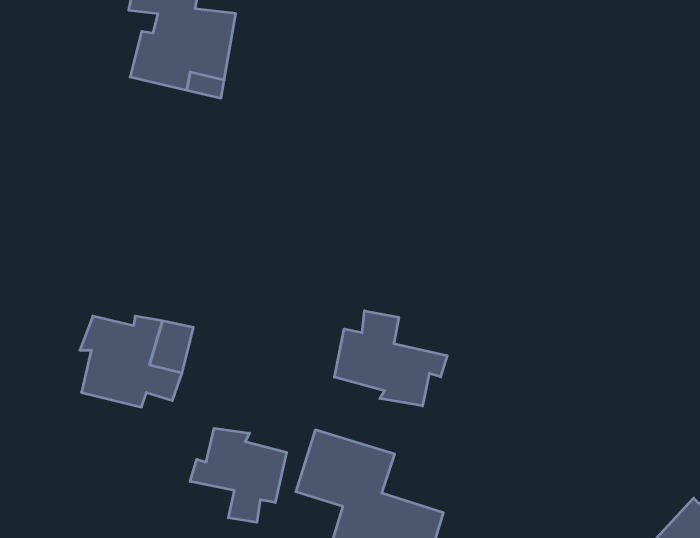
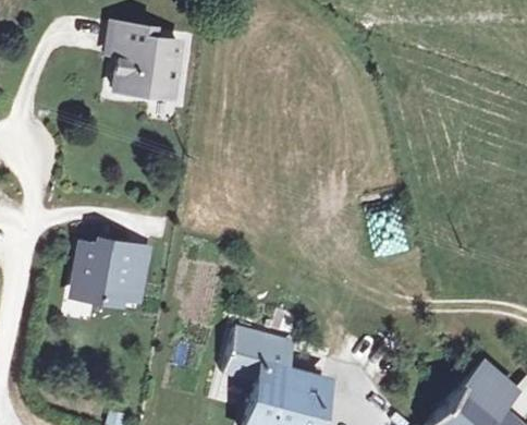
building: [334,311,447,406] -> none
building: [190,428,287,522] -> none

